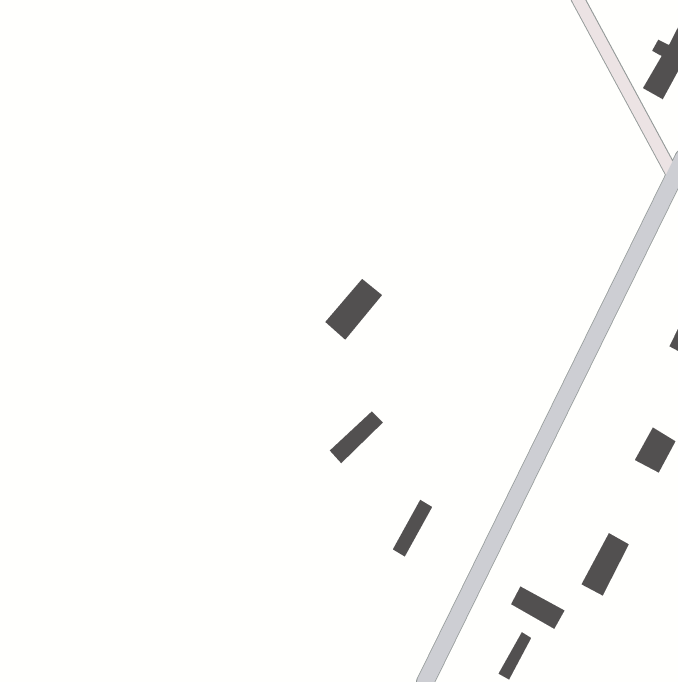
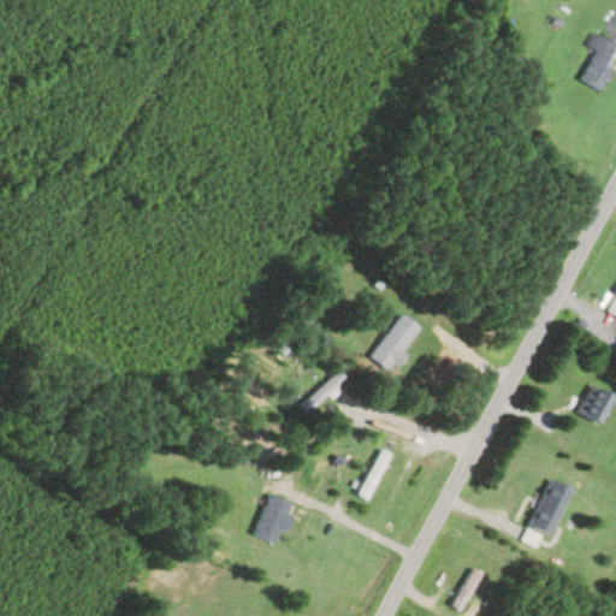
building: [324,278,383,341] -> [372,314,425,371]
building: none -> [255,493,295,544]
building: [510,585,565,630] -> none

